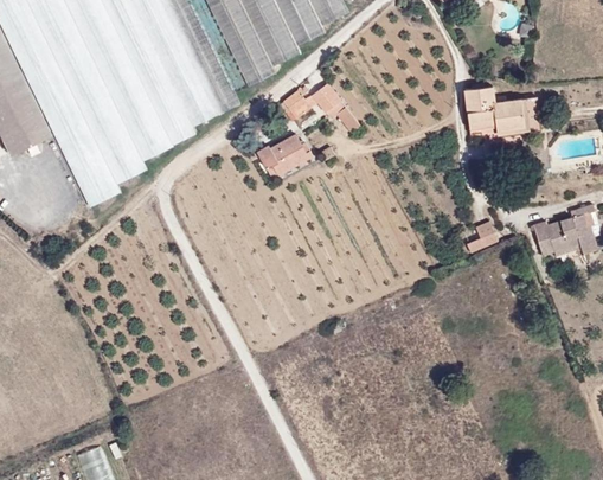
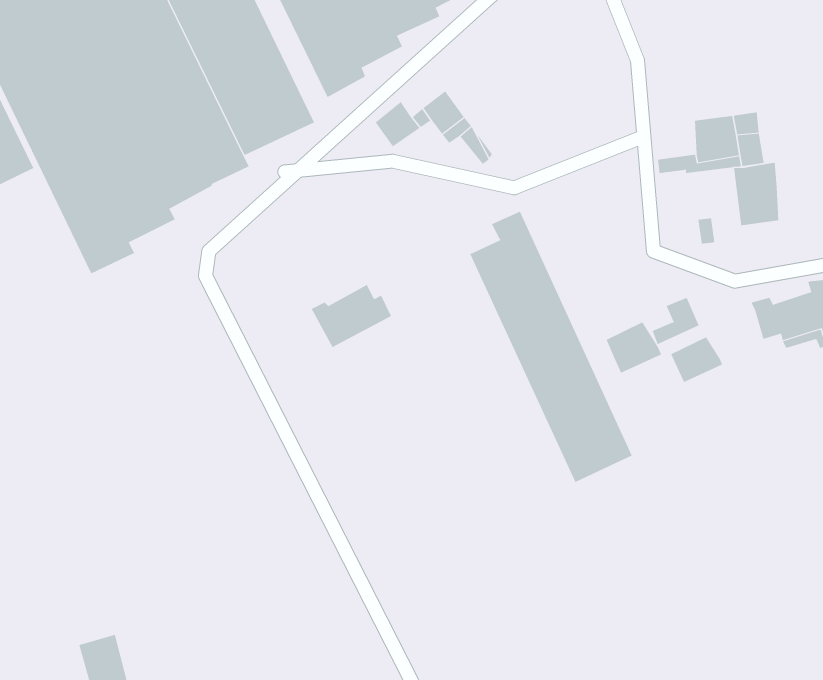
building: [464,87,495,129] -> [733,162,779,226]
building: [257,135,312,178] -> [311,284,392,348]
building: none -> [470,211,632,483]
building: none -> [606,322,662,373]
building: none -> [671,336,723,383]

